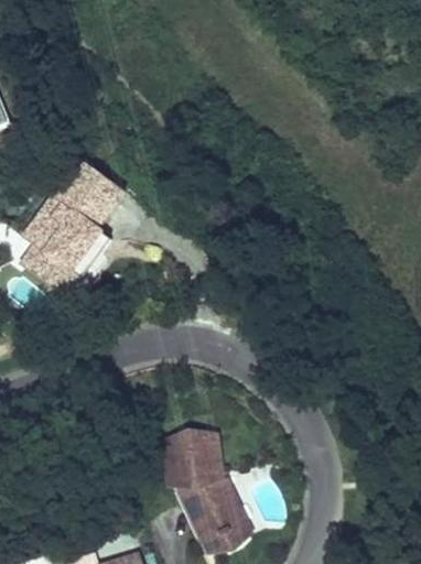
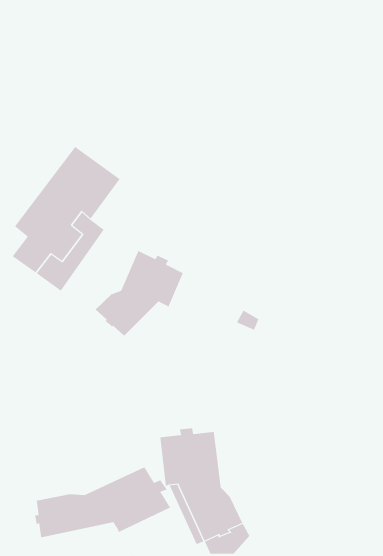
building: none -> [95,250,184,336]
building: none -> [34,466,171,538]

